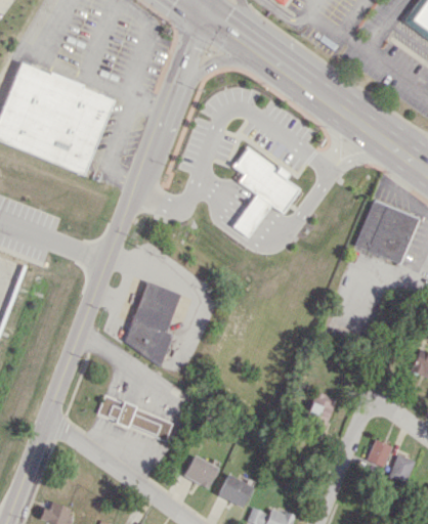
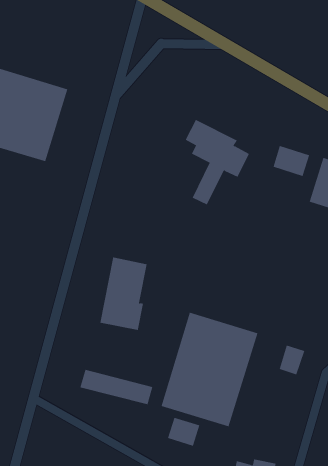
building: none -> [273,145,310,177]
building: none -> [161,312,258,427]
building: [218,475,252,507] -> none

